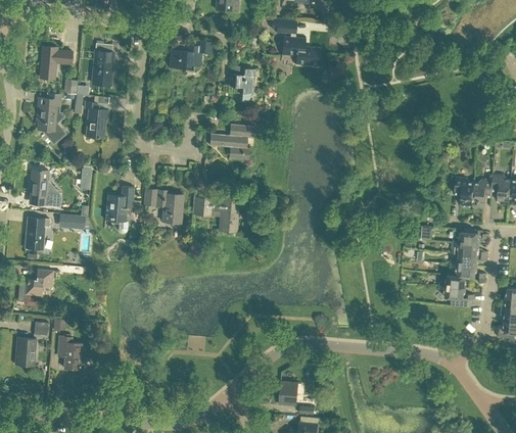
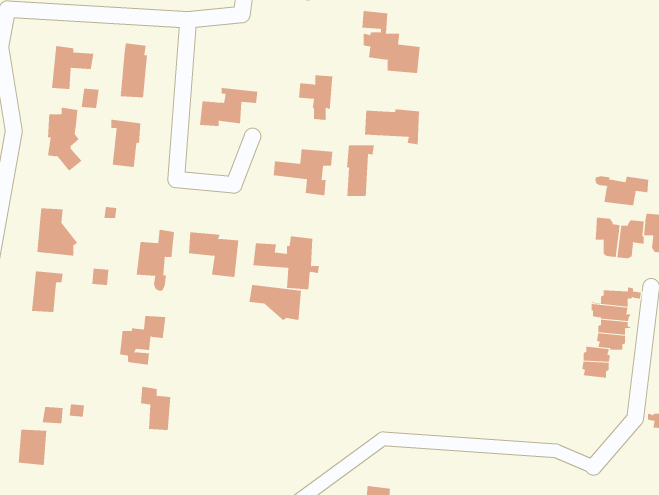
building: [169,40,214,69] -> [199,87,258,126]
building: none -> [365,109,419,145]
building: none -> [346,145,374,197]
building: none -> [595,176,649,206]
building: none -> [249,284,302,321]
building: [17,270,53,307] -> [119,316,166,365]
building: [58,336,82,370] -> [140,386,171,430]

